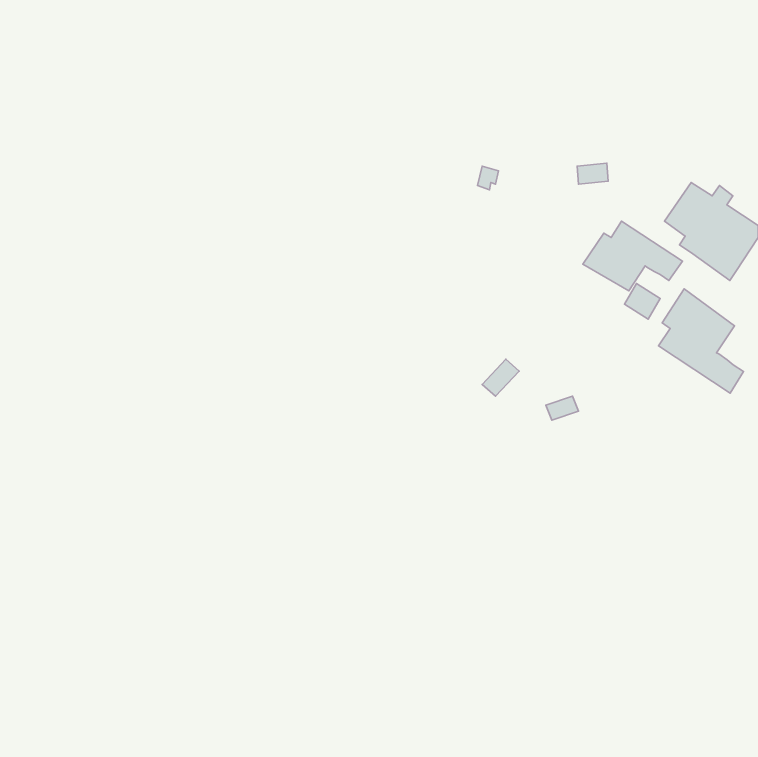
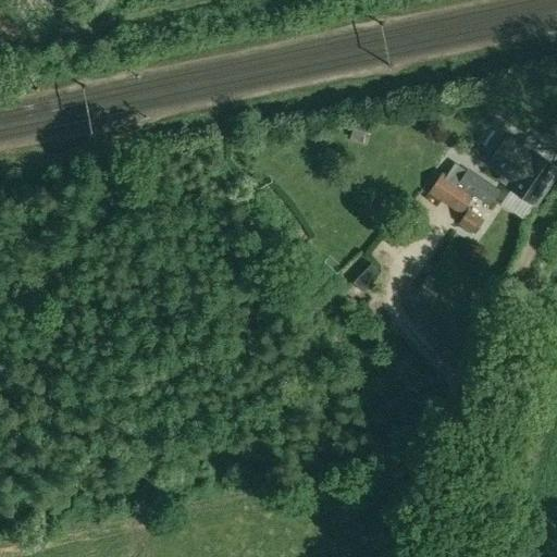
building: [659,289,744,393] -> none

